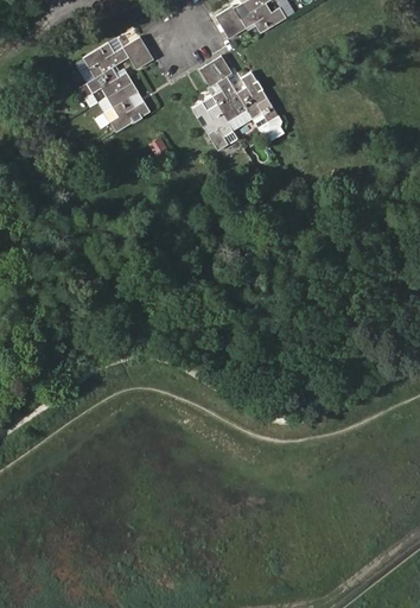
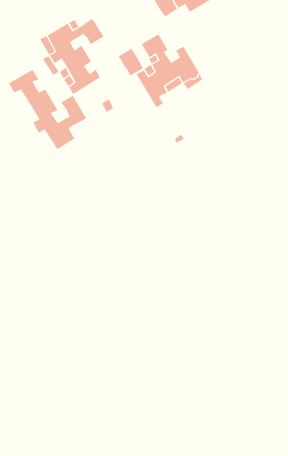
building: none -> [118,48,144,76]
building: none -> [8,69,87,150]

